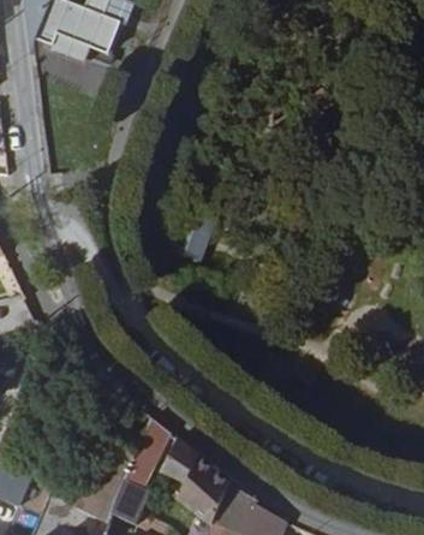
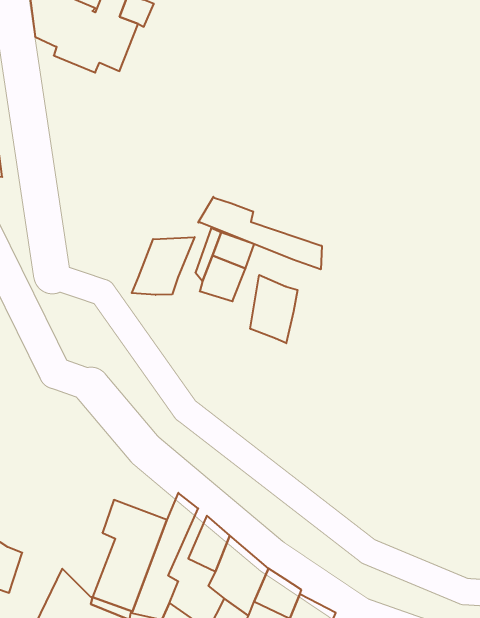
building: none -> [198,197,322,269]
building: none -> [132,237,195,295]
building: none -> [250,275,298,343]

